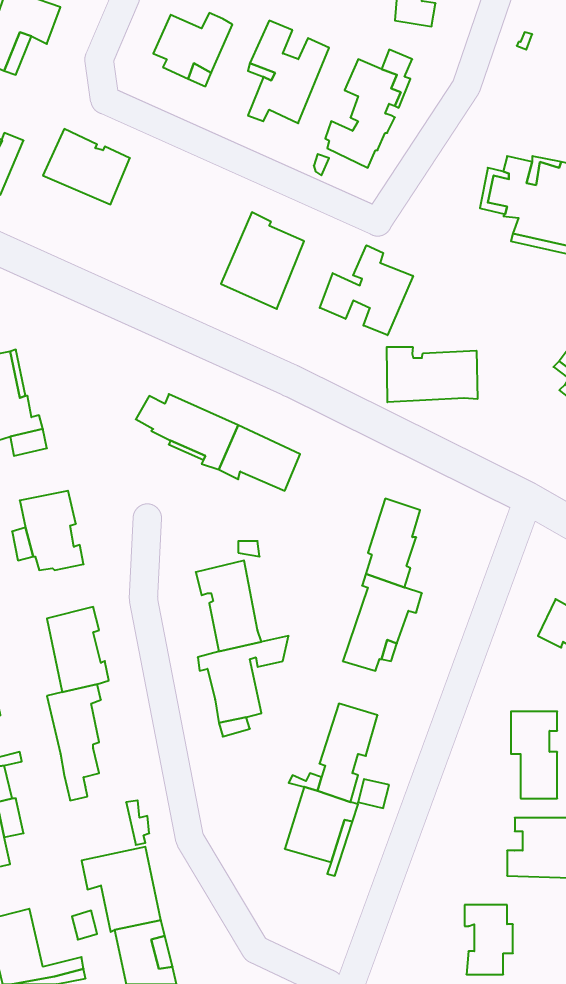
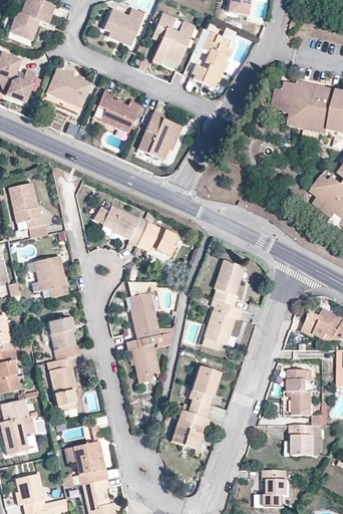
building: none -> [97,88,139,132]
building: [320,245,413,335] -> none
building: [387,347,477,402] -> none

